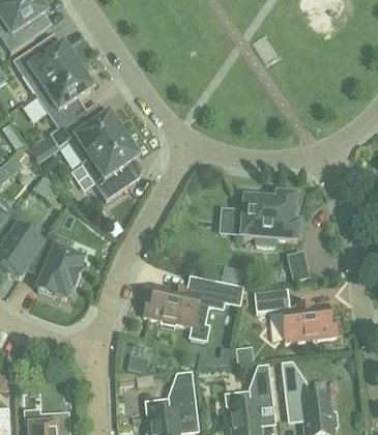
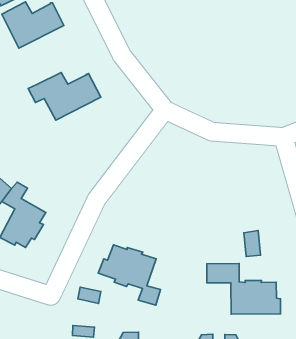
building: [34,64,93,128] -> none
building: [81,134,139,200] -> none
building: [232,195,298,244] -> none
building: [205,279,243,300] -> none

